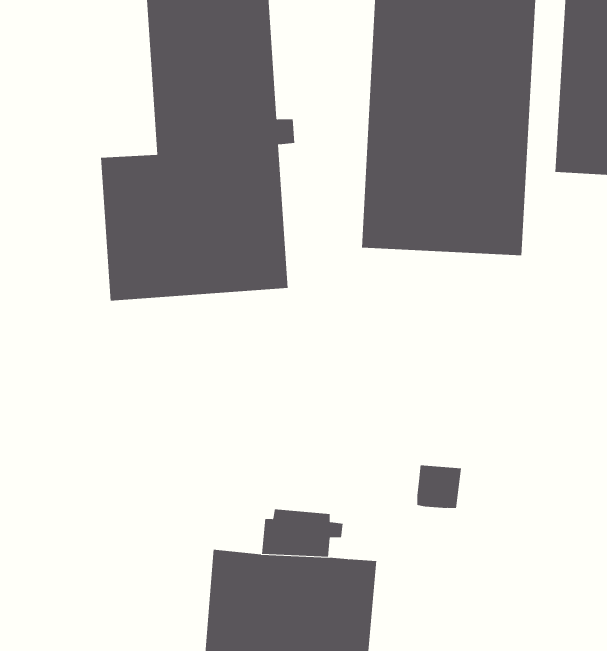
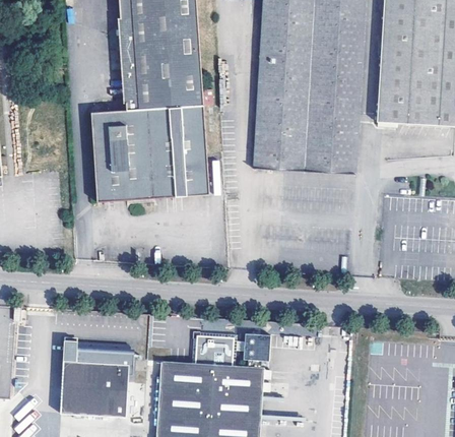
building: [417,465,462,508] -> [243,333,271,361]
building: none -> [61,338,130,417]

